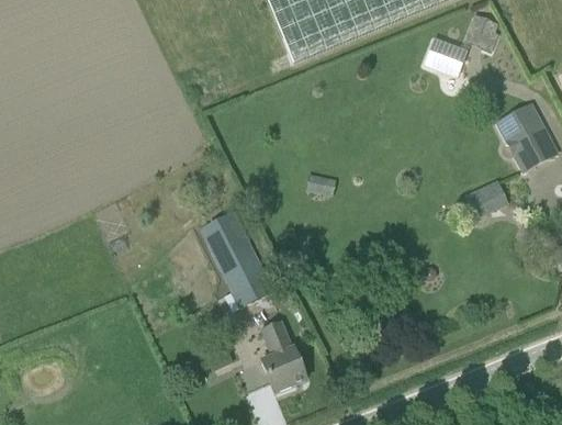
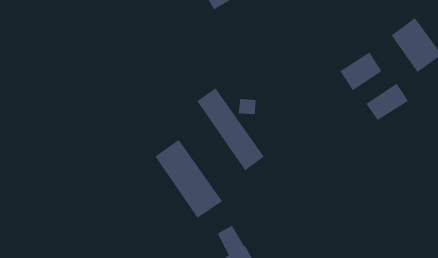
building: none -> [340,52,382,91]
building: none -> [196,88,265,171]

